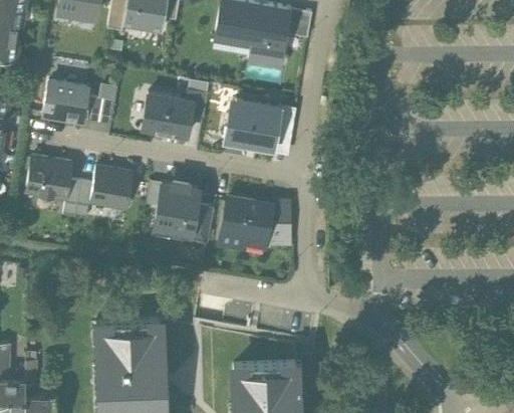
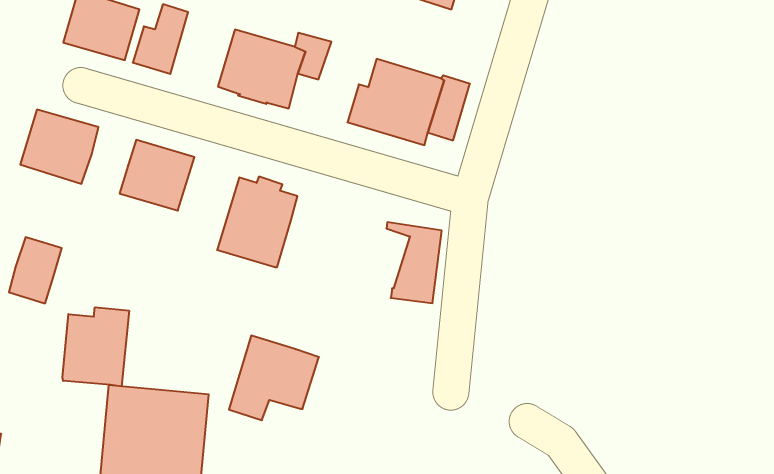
building: [63,181,92,220] -> [9,237,62,303]
building: [220,199,271,250] -> [229,335,319,420]
building: [190,206,214,244] -> none
building: none -> [62,307,129,386]

